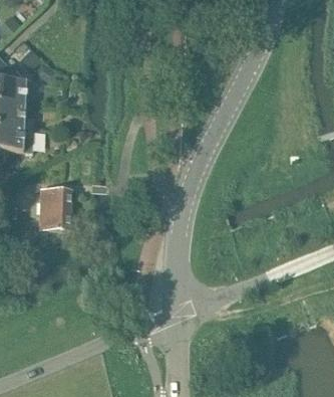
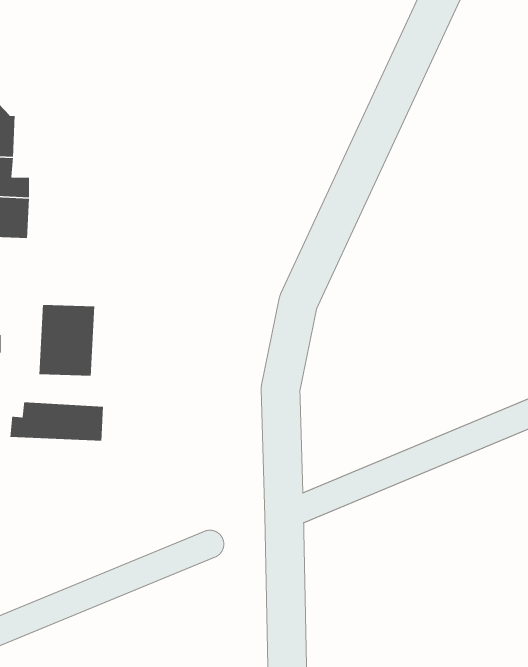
building: none -> [10,402,104,442]

